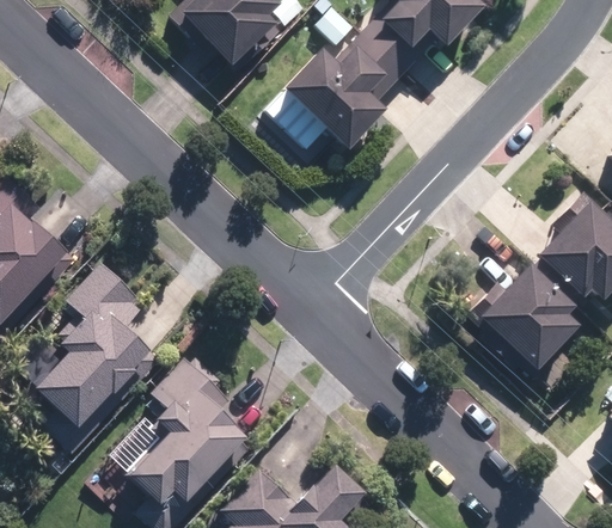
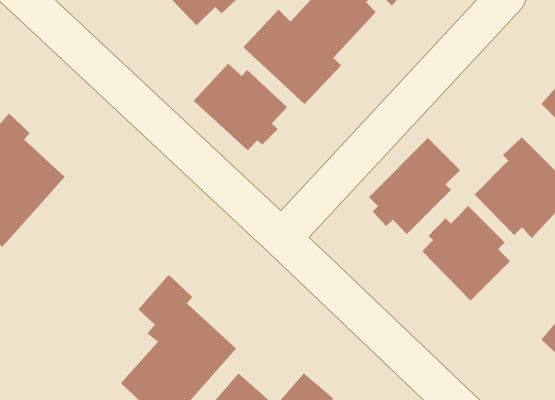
building: none -> [193,63,288,151]
building: none -> [368,137,461,235]
building: [20,256,179,423] -> none

